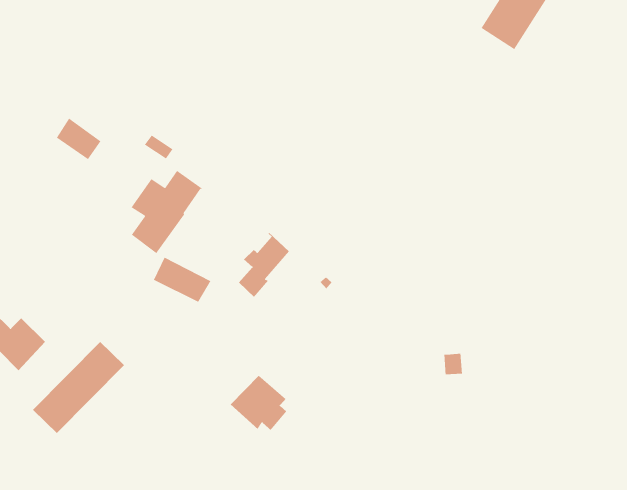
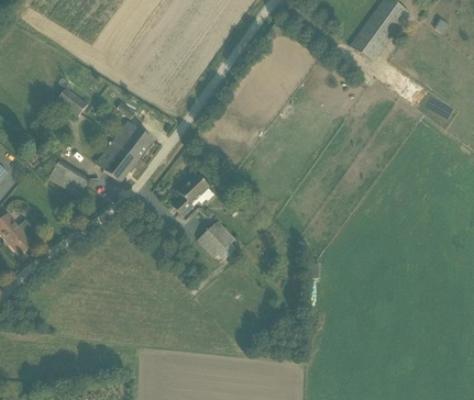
building: [153,257,211,303] -> [48,162,88,195]
building: [32,341,125,434] -> none
building: [230,375,287,431] -> [197,221,235,259]

